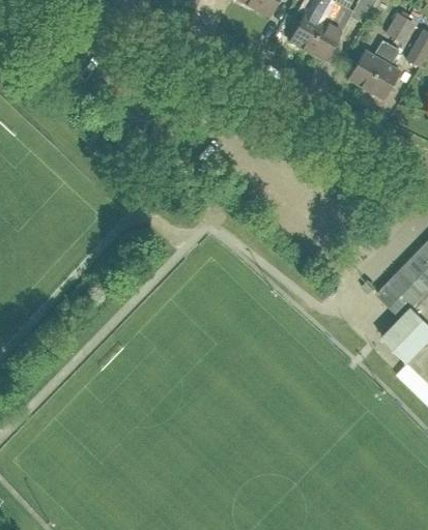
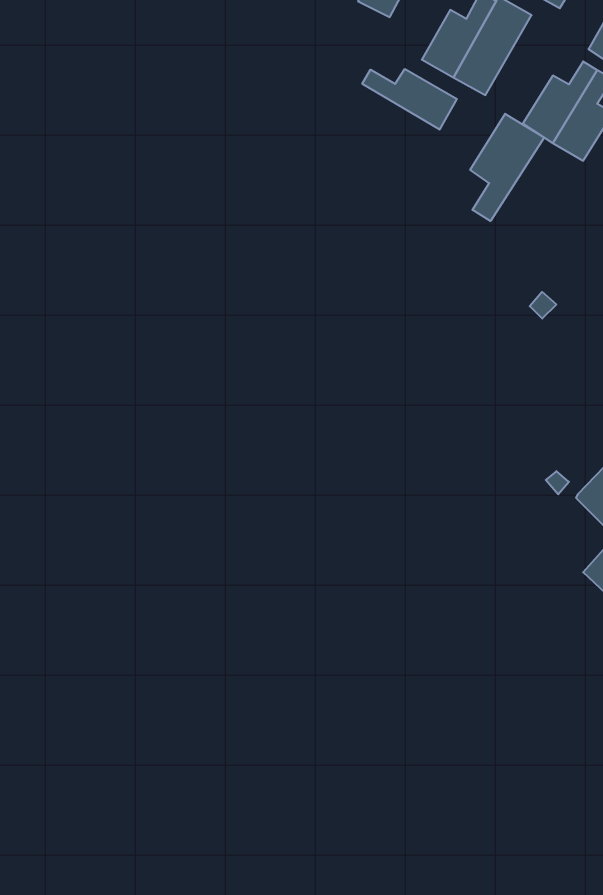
building: none -> [362,69,457,130]
building: none -> [470,114,544,221]

